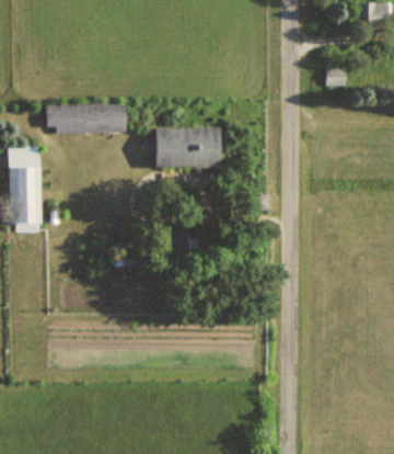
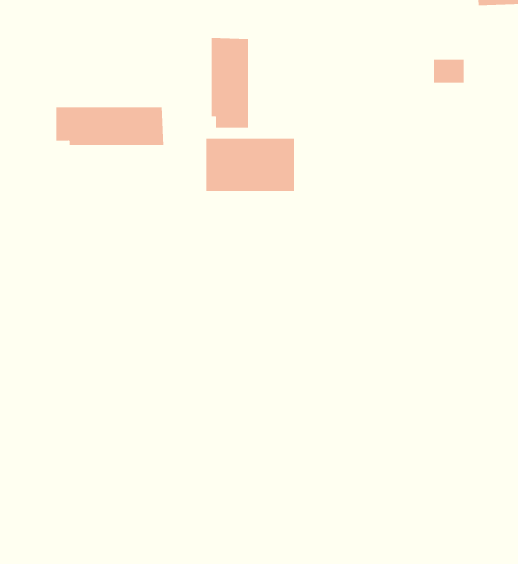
building: none -> [211,37,248,128]
building: [9,146,43,230] -> none

